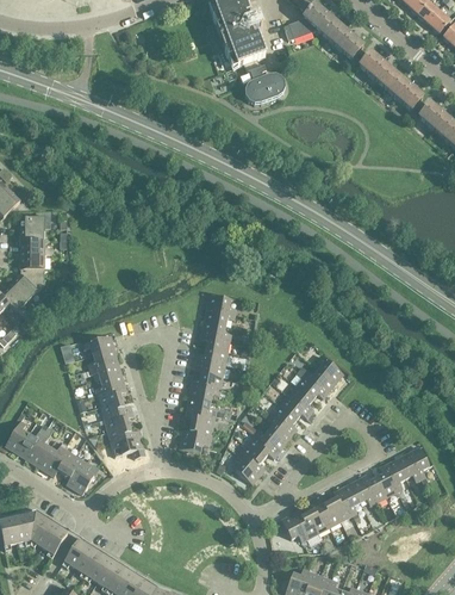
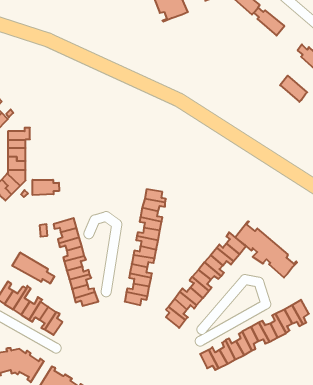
building: [243,58,285,104] -> none
building: [386,74,423,110] -> [280,76,307,102]
building: none -> [33,180,59,195]
building: none -> [236,221,297,278]
building: none -> [12,252,54,284]

